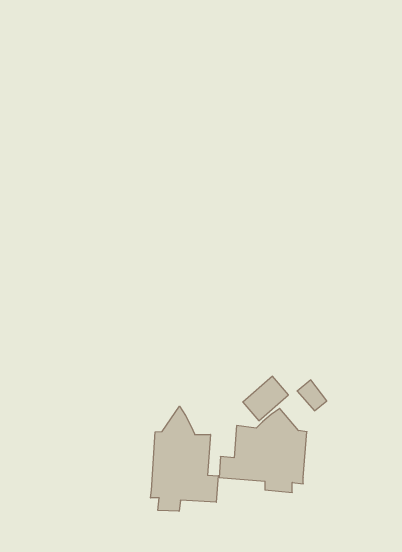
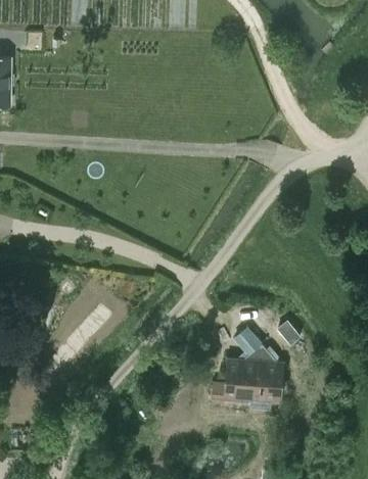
building: [151,406,218,511] -> none

